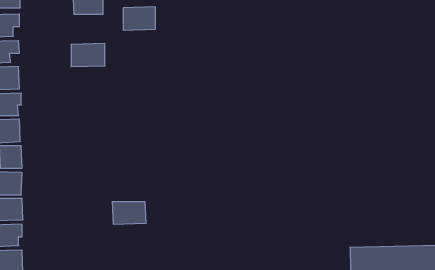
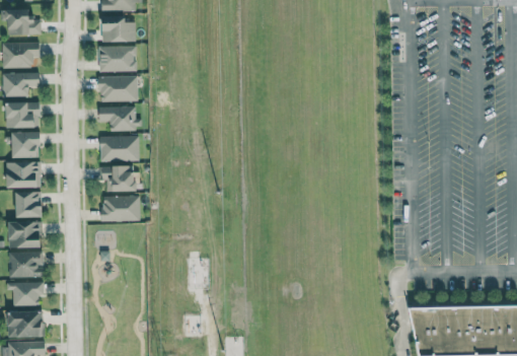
building: [123,7,155,30] -> [98,45,135,71]
building: none -> [97,105,141,130]
building: none -> [99,135,139,160]
building: none -> [98,165,135,192]
building: [112,202,146,224] -> [101,196,140,221]

